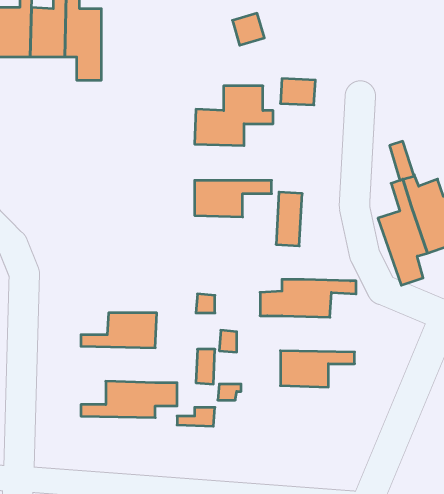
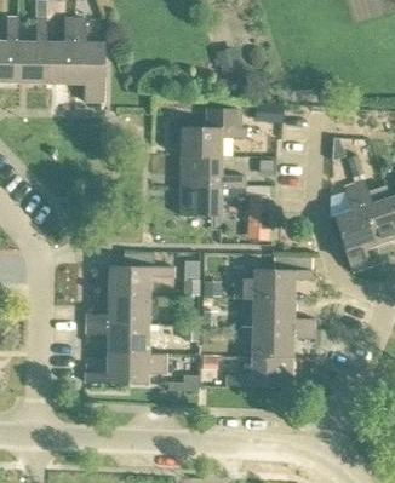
building: none -> [182,155,246,185]
building: none -> [110,265,174,295]
building: none -> [253,298,316,328]
building: none -> [87,323,149,353]
building: none -> [229,356,294,386]

